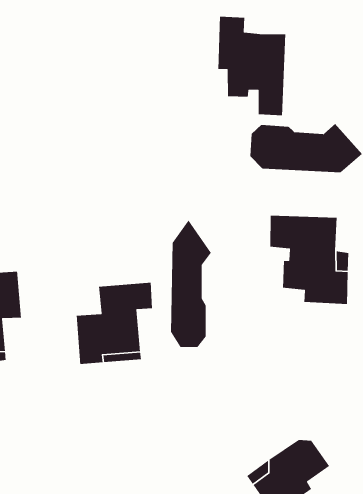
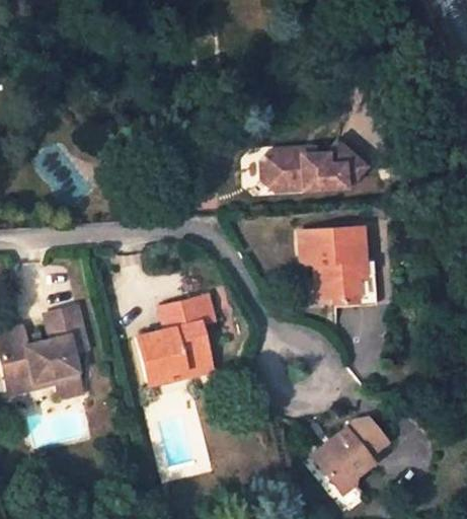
building: [218,16,286,116] -> none
building: [170,219,212,348] -> none

